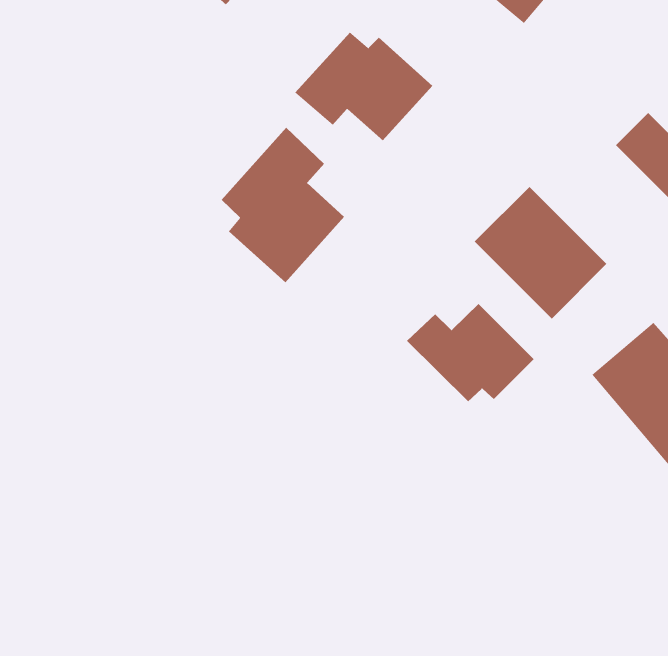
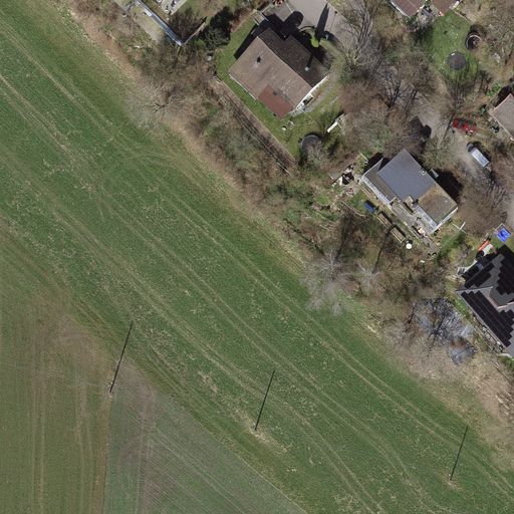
building: [221,127,345,283] -> none
building: [406,303,535,402] -> none

